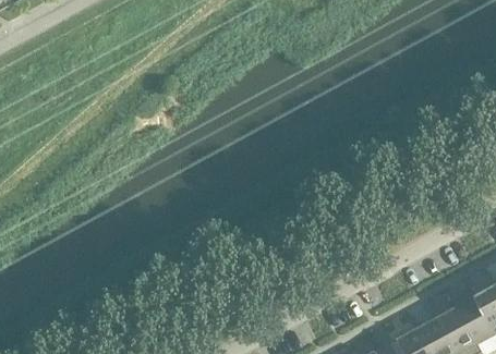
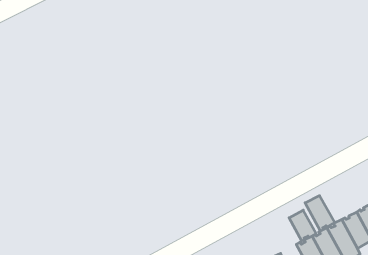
building: none -> [305,196,335,231]
building: none -> [289,210,316,241]

